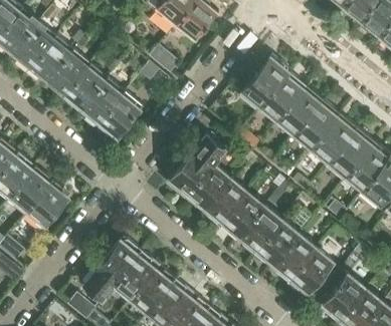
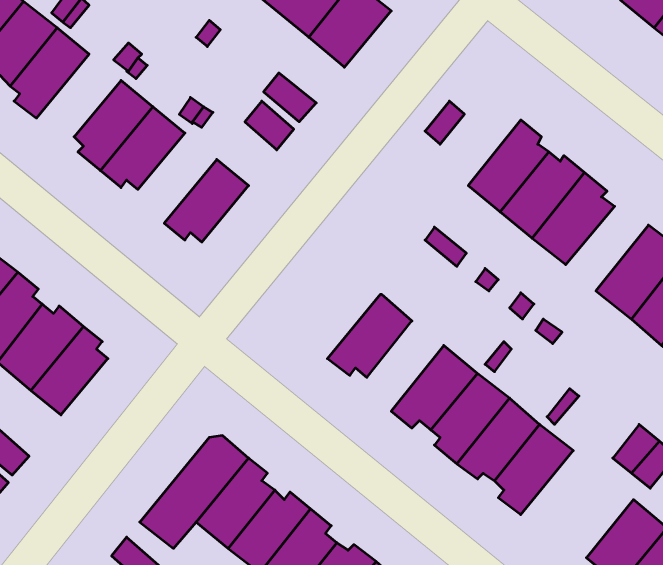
building: [29,36,74,80] -> none
building: [242,60,288,106] -> none
building: [83,78,126,126] -> none
building: [313,117,357,162] -> none
building: [171,135,225,199] -> none
building: [206,179,247,227] -> none
building: [288,248,334,292] -> none

